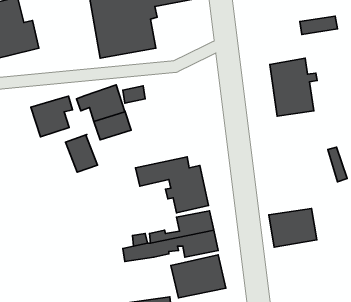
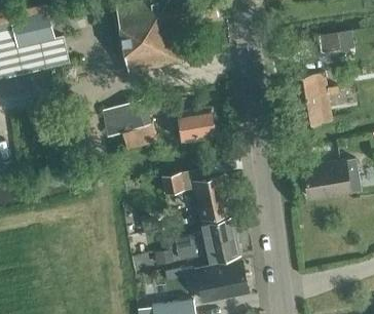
building: none -> [167,109,215,141]
building: [31,96,72,137] -> none
building: [66,135,97,172] -> none
building: [269,208,317,247] -> [303,162,349,199]

